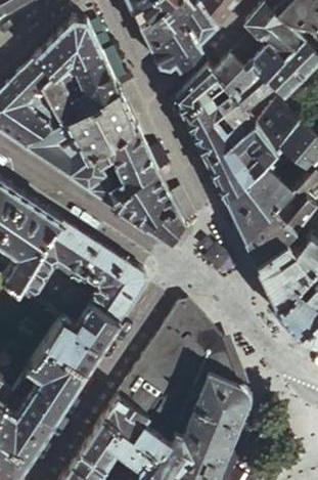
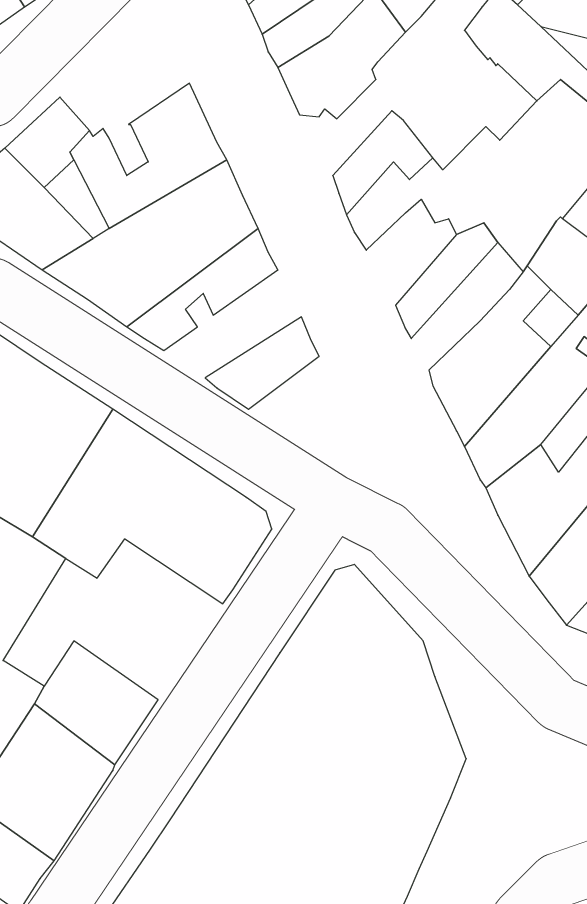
building: [36,19,103,79] -> none
building: [215,32,284,96] -> none
building: [195,119,242,167] -> none
building: [219,134,277,201] -> none
building: [90,148,162,205] -> none
building: [134,193,186,246] -> none
building: [43,289,121,373] -> none

